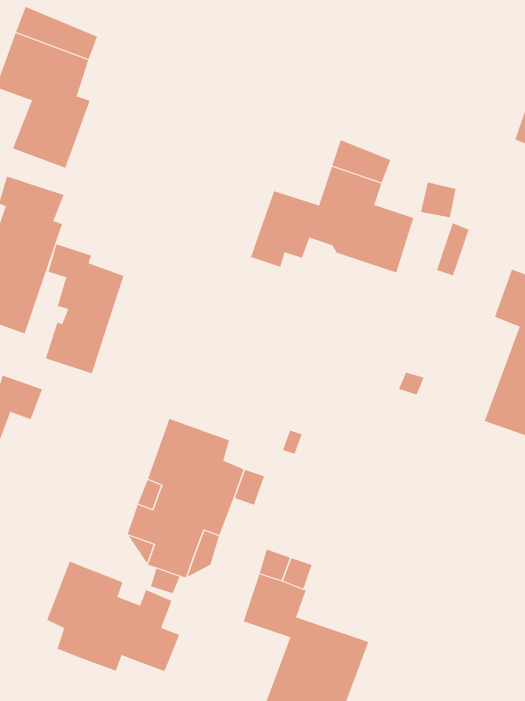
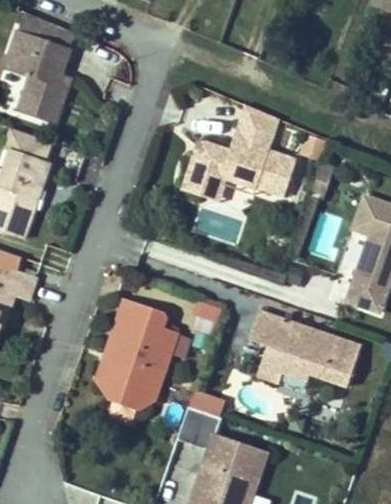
building: [45,244,124,374] -> none
building: none -> [250,310,363,386]
building: [46,561,180,672] -> none

